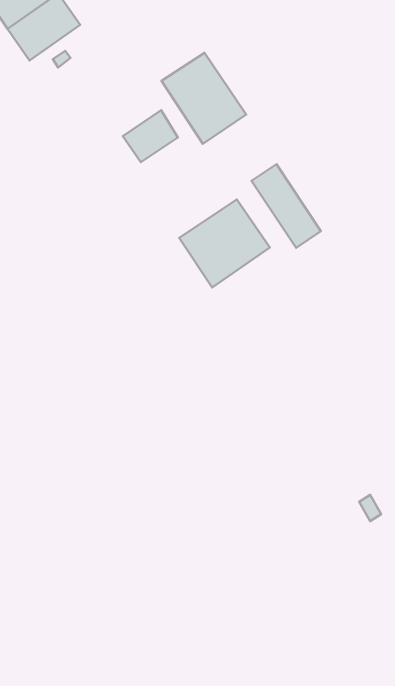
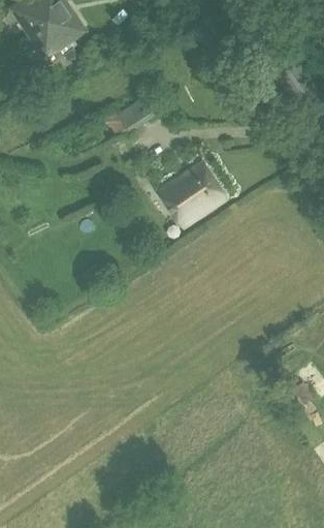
building: [162,53,246,144] -> none
building: [252,164,321,248] -> none

